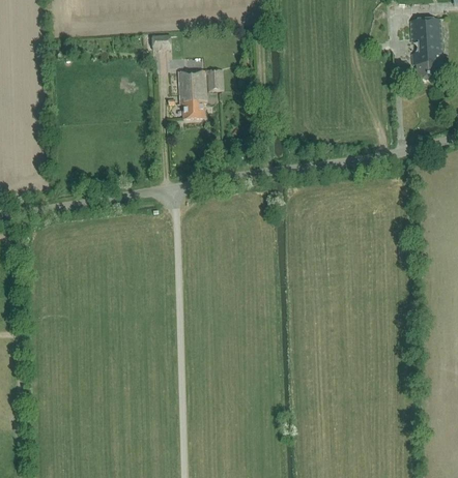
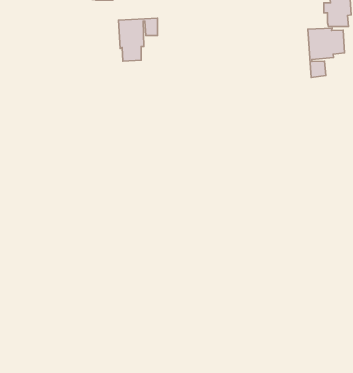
building: none -> [308,28,345,78]

